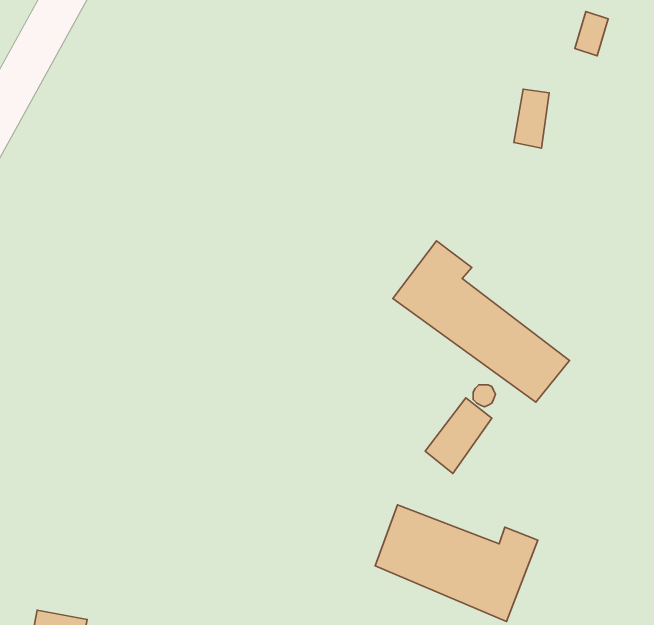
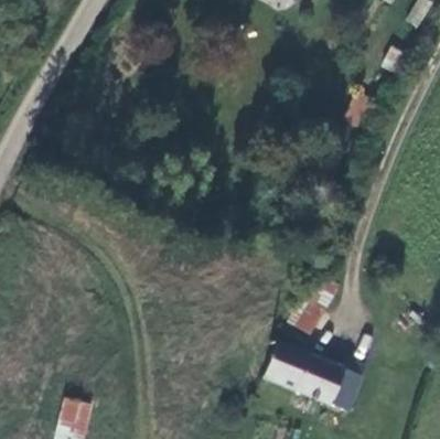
building: [393,241,570,402] -> none

